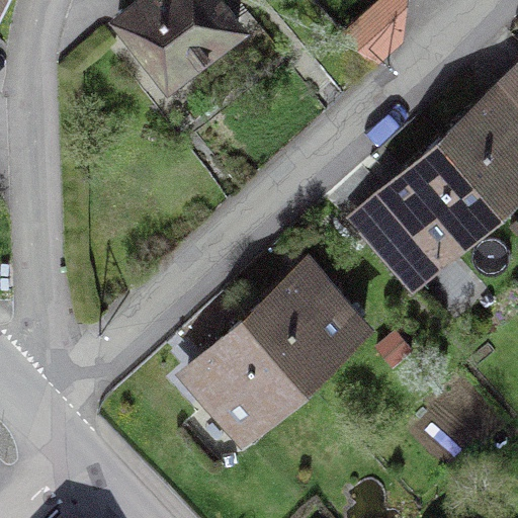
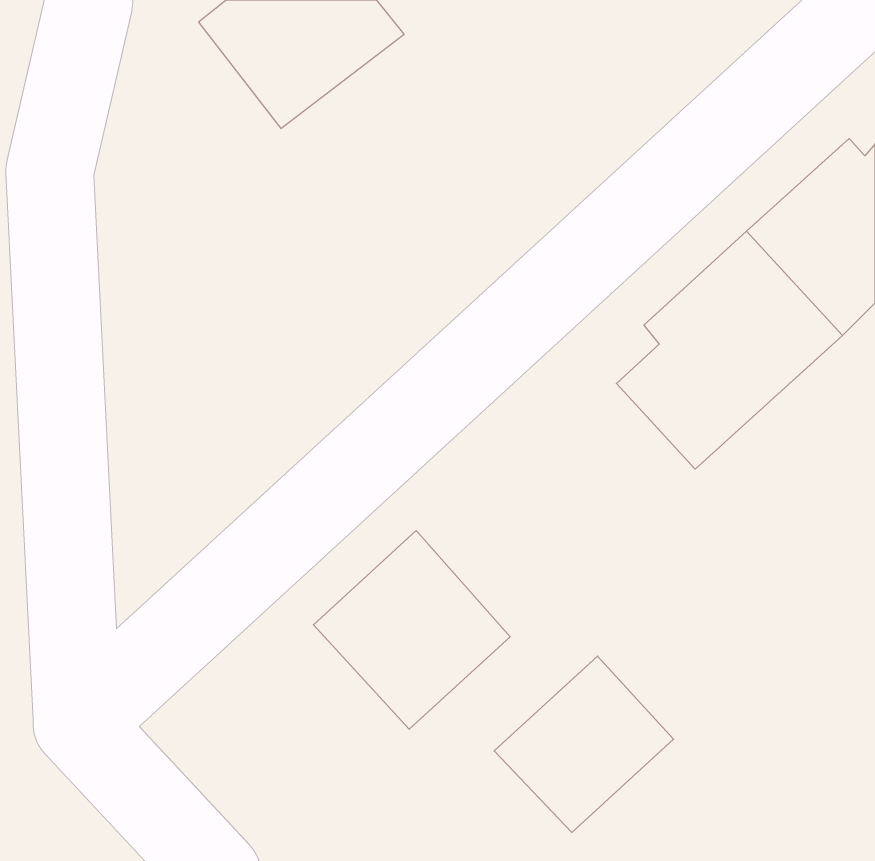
building: [246,266,363,384] -> none
building: none -> [494,656,674,832]

